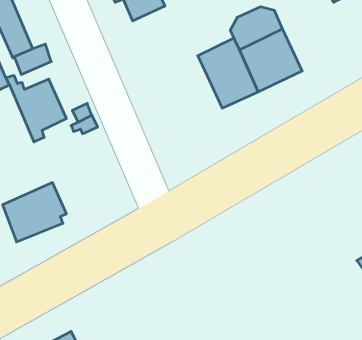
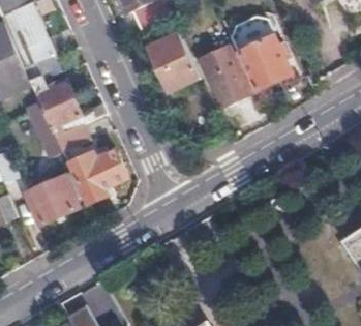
building: none -> [147,30,198,90]
building: none -> [52,123,124,223]

